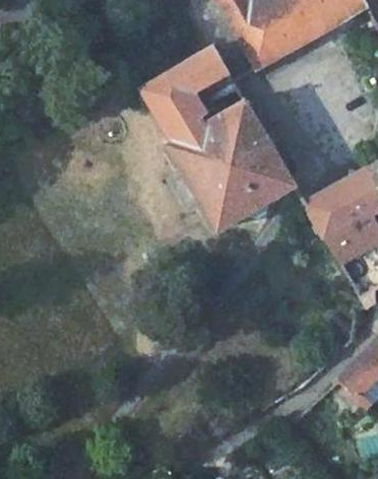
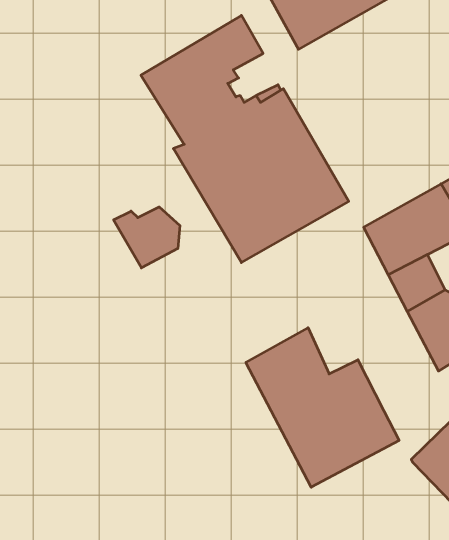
building: none -> [114,207,180,268]
building: none -> [246,328,399,487]

